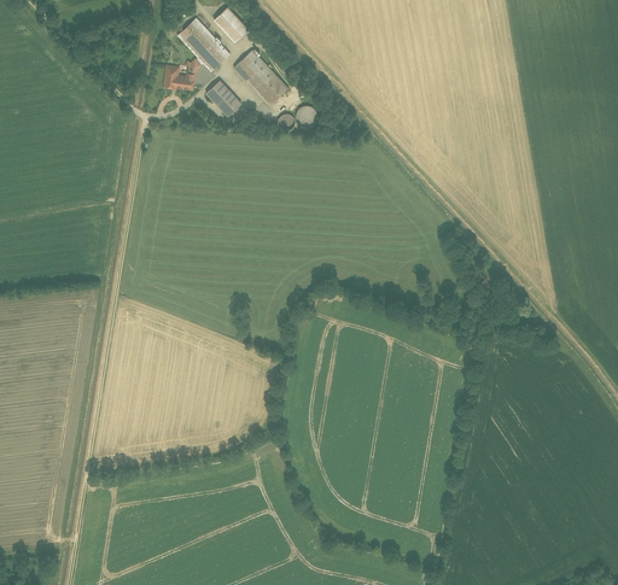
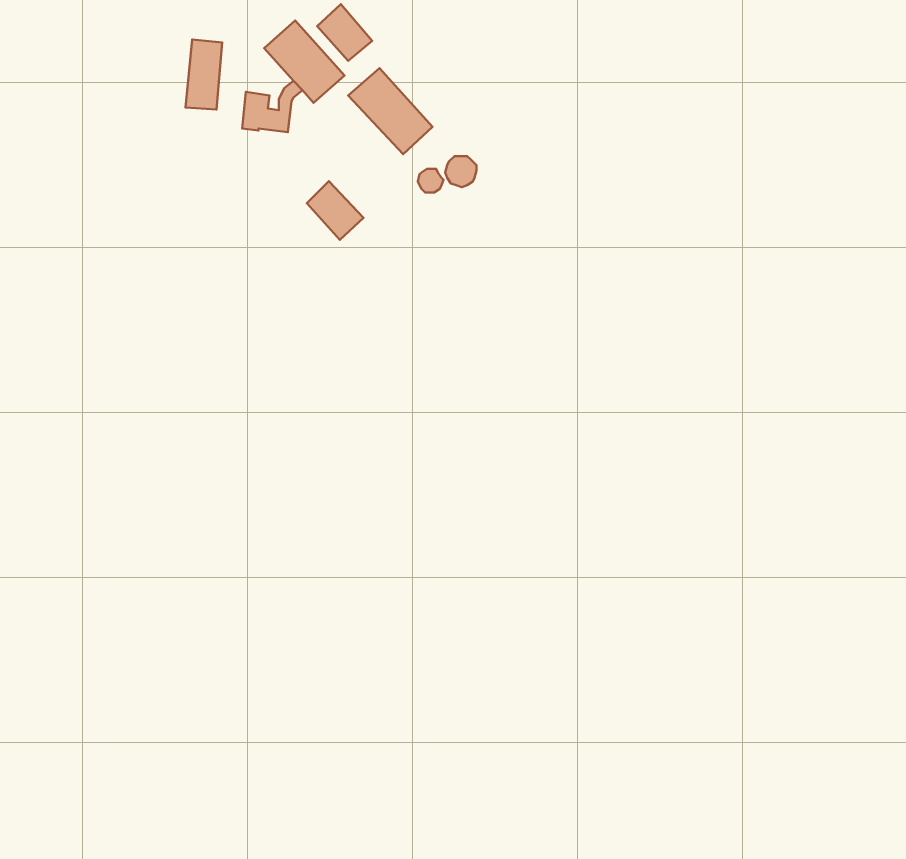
building: none -> [185,39,222,110]
building: [204,78,241,117] -> [307,181,364,240]

